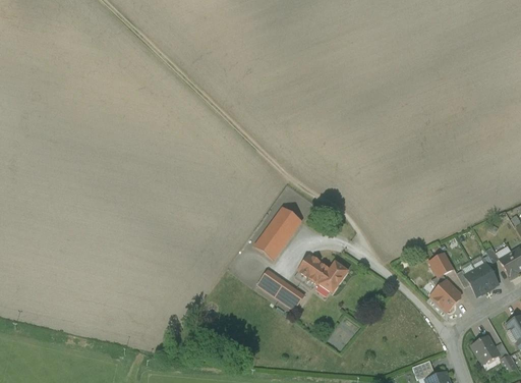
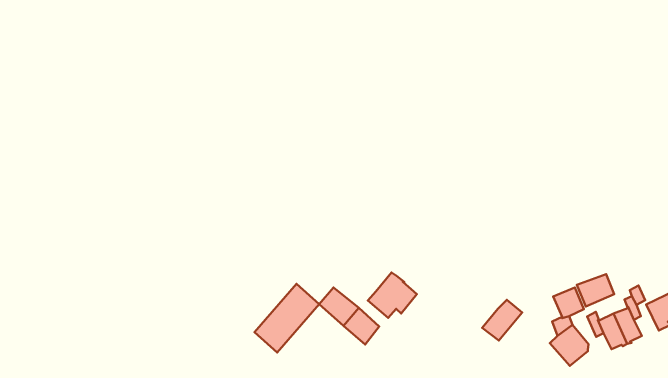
building: [254,207,300,259] -> [254,284,319,352]
building: none -> [577,274,614,307]
building: [319,262,347,292] -> [482,300,522,341]

